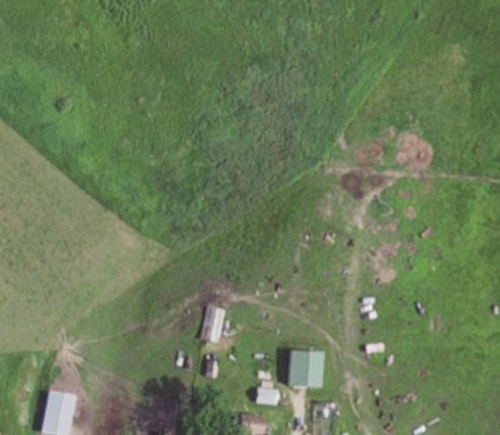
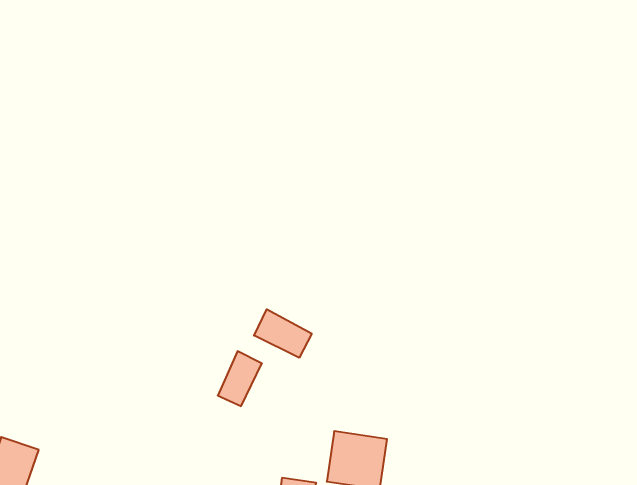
building: none -> [254,309,312,358]

